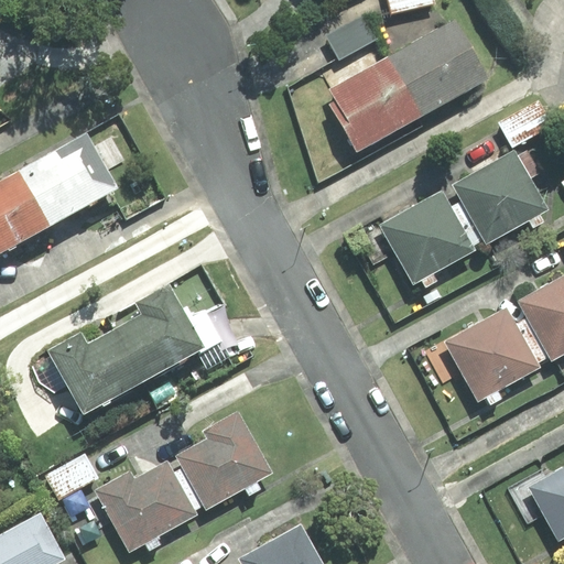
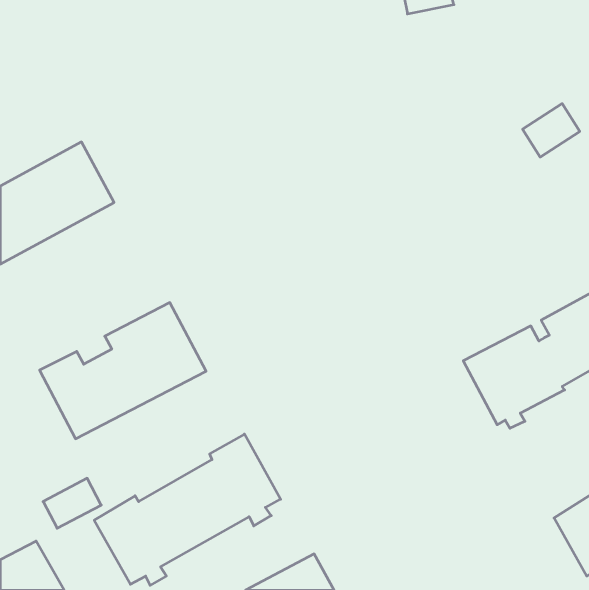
building: [321,13,486,153] -> none
building: [375,150,551,290] -> none

